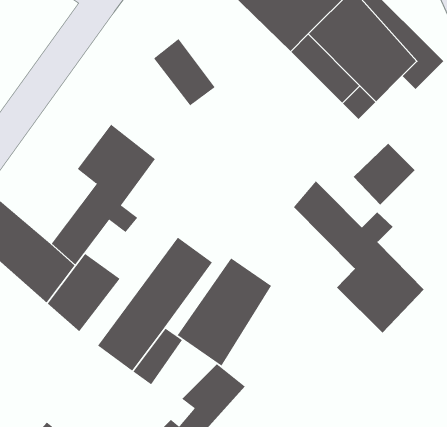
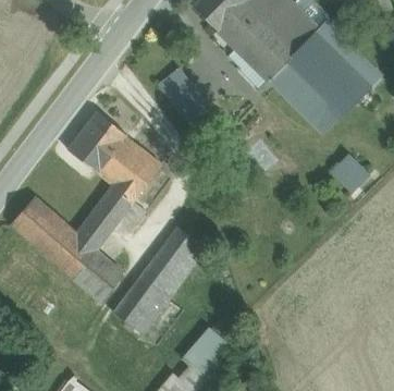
building: none -> [66,111,126,172]
building: [293,181,424,333] -> none
building: [177,257,272,366] -> none

